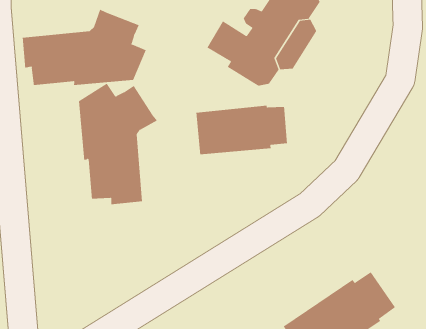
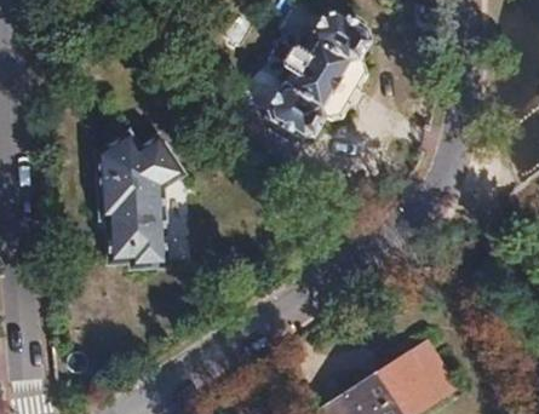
building: [22,9,146,86] -> none
building: [196,105,287,155] -> none

